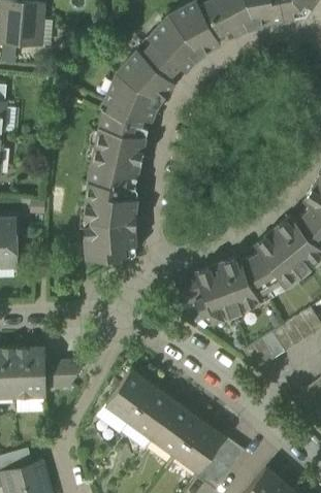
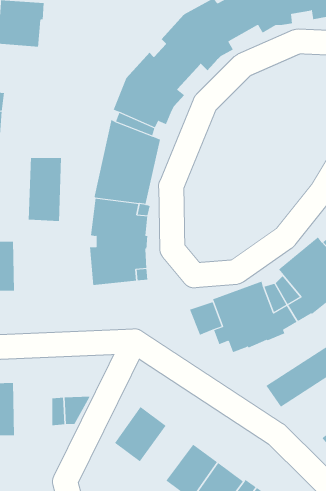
building: none -> [28,157,62,222]
building: [15,349,46,397] -> none
building: [130,388,178,437] -> none

